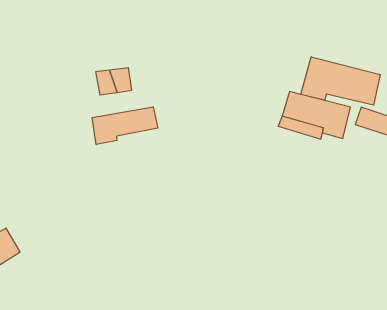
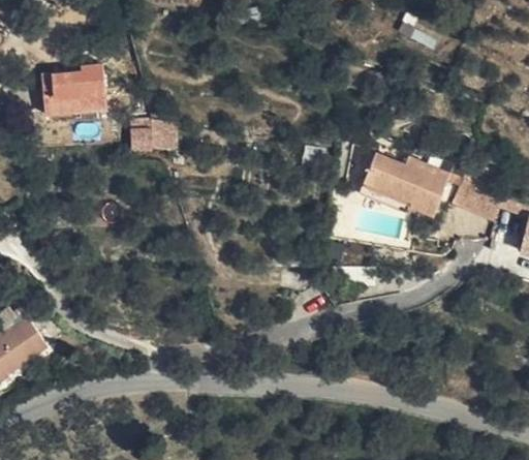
building: none -> [40,70,106,121]
building: [301,57,380,105] -> none
building: [92,107,158,145] -> none

